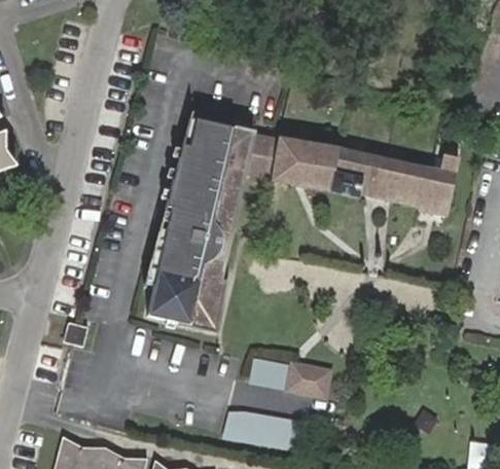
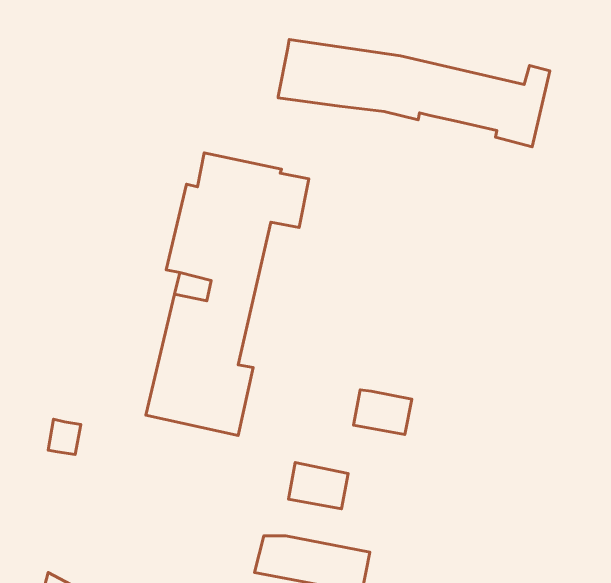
building: [256,134,462,215] -> [278,40,550,147]
building: [288,363,332,397] -> [353,390,412,435]

